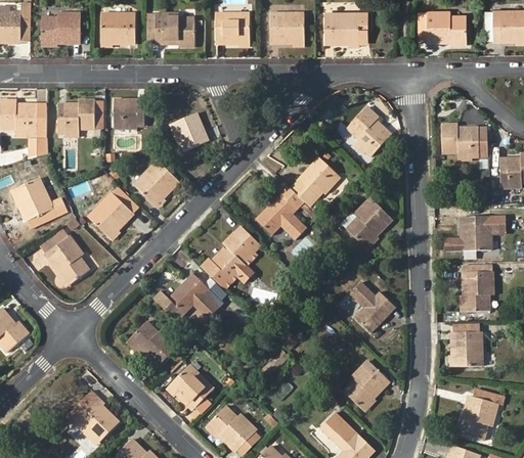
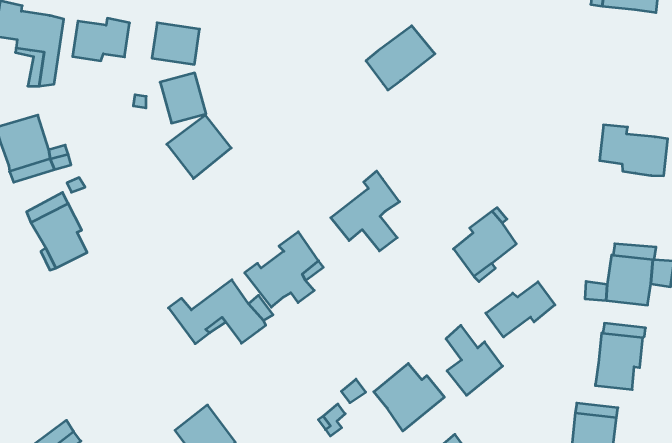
building: [348,107,389,155] -> none
building: [172,113,208,151] -> [160,73,206,123]
building: [290,157,338,205] -> [366,26,435,90]
building: [88,192,133,238] -> none
building: none -> [486,282,555,337]
building: none -> [374,363,444,431]
building: [129,322,176,367] -> none

